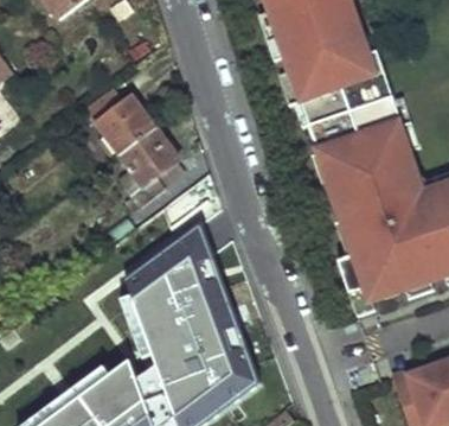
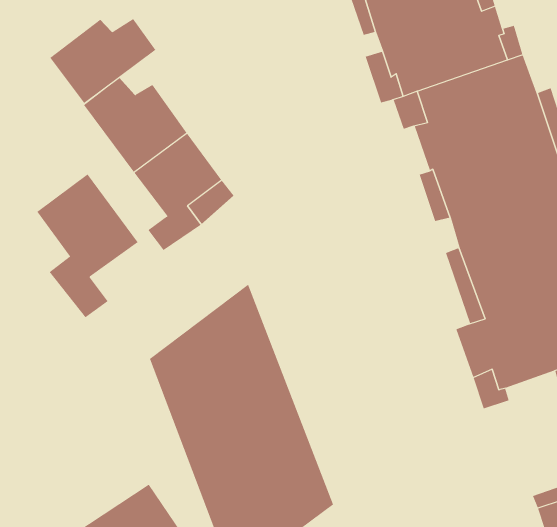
building: none -> [49,18,156,104]
building: none -> [36,174,138,318]

